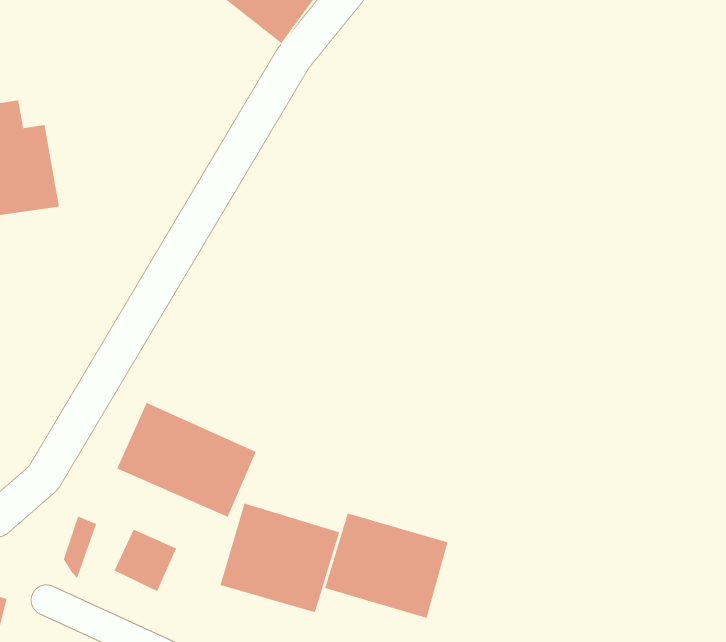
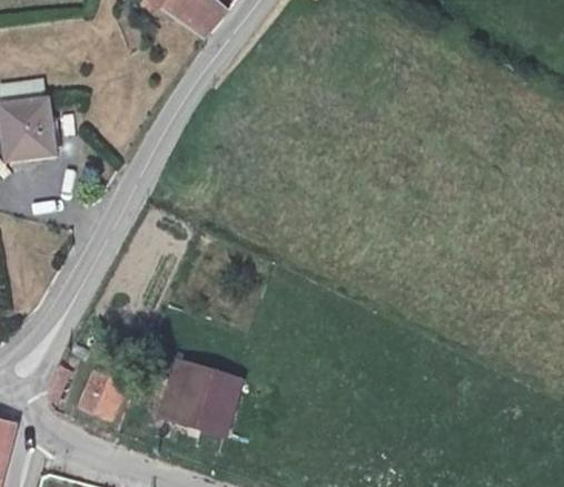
building: [116,402,257,518] -> none
building: [324,512,449,619] -> none

